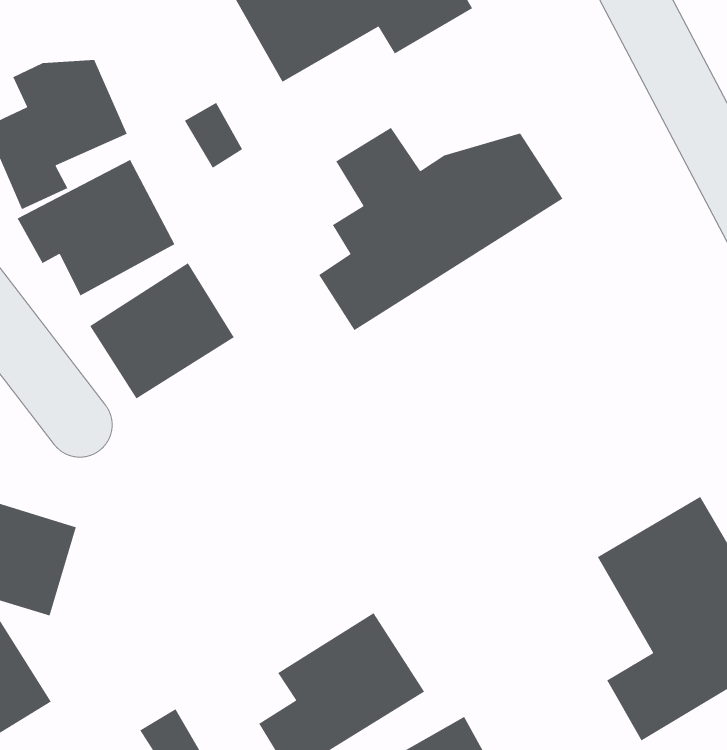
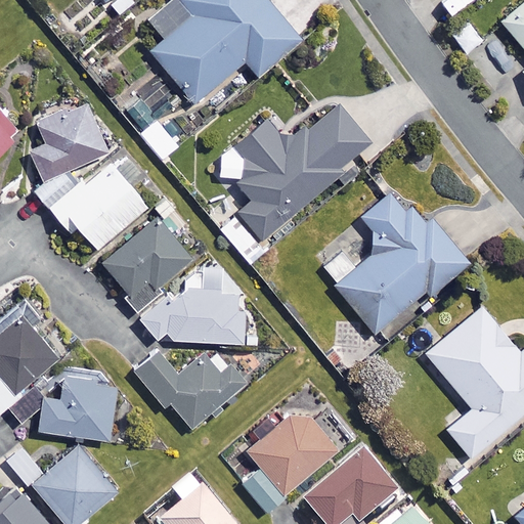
building: none -> [336,190,469,332]
building: none -> [141,278,245,342]
building: none -> [136,353,247,429]

